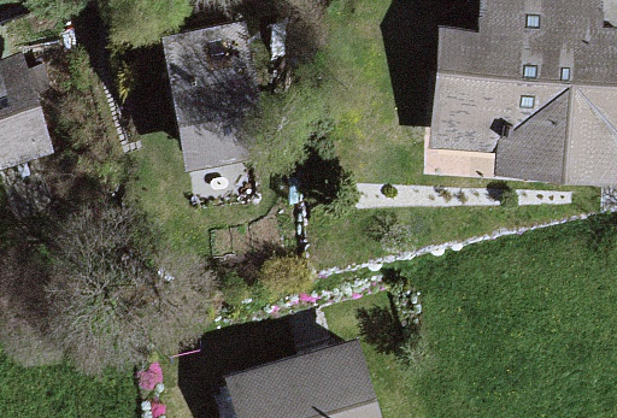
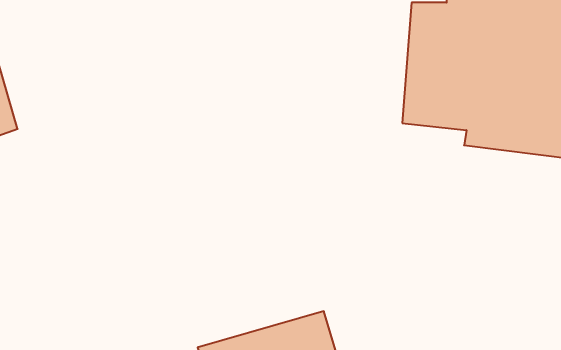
building: [164,31,287,175] -> none

